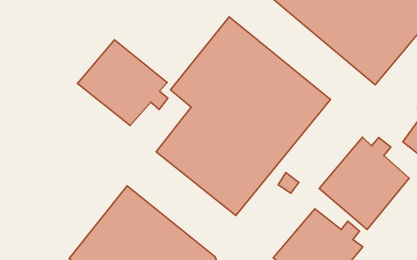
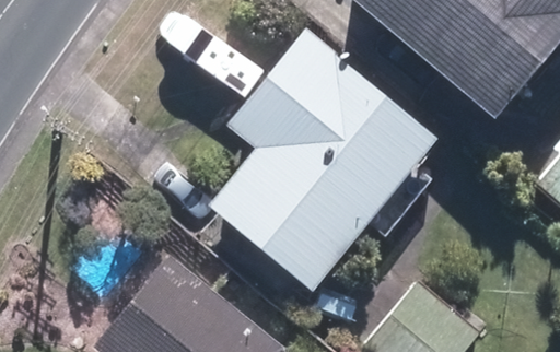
building: [78,40,168,126] -> none
building: [319,137,409,229] -> none

